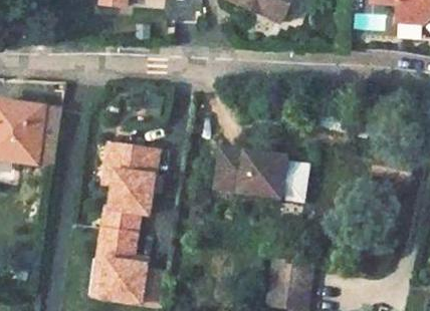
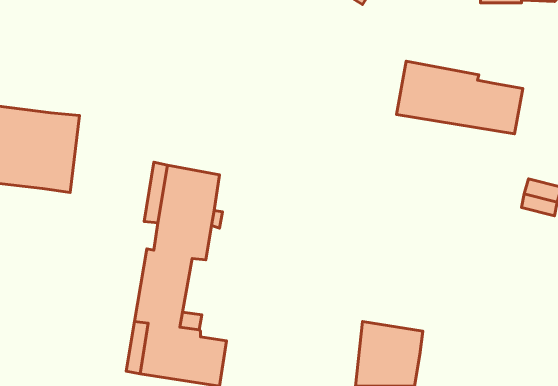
building: [219,148,311,202] -> [397,61,523,134]

